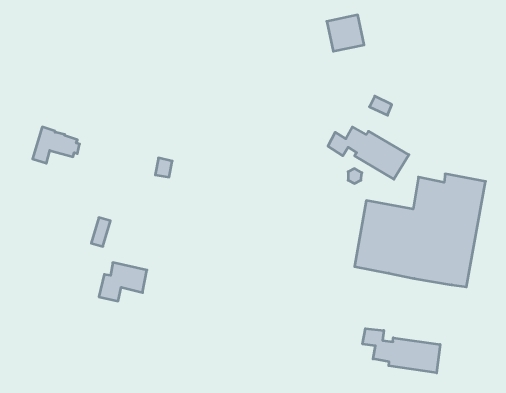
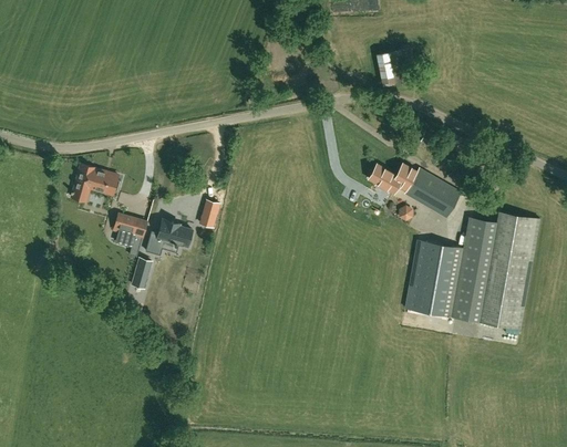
building: none -> [111,214,145,257]
building: [99,263,147,301] -> [144,219,194,259]
building: [363,329,440,373] -> none

